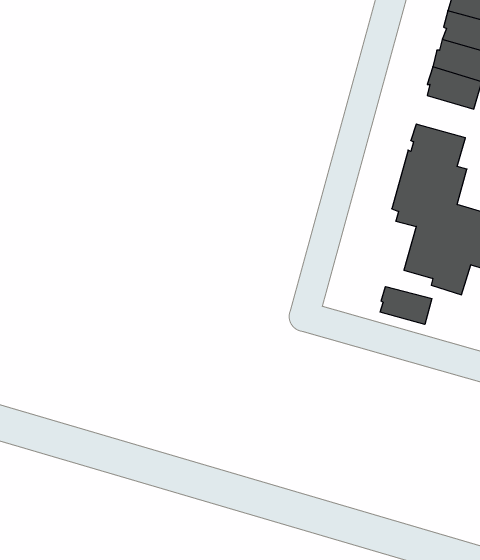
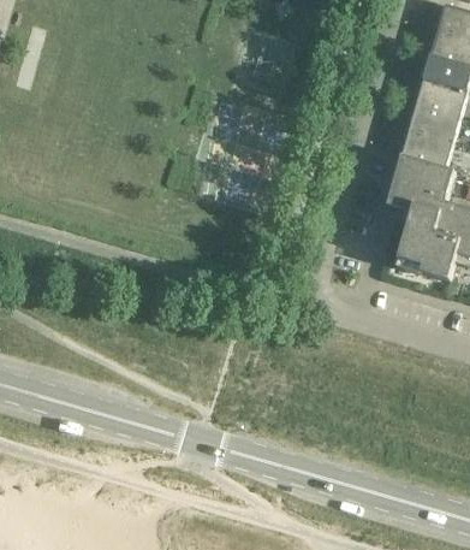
building: none -> [407,105,458,142]
building: [380,287,432,324] -> none

